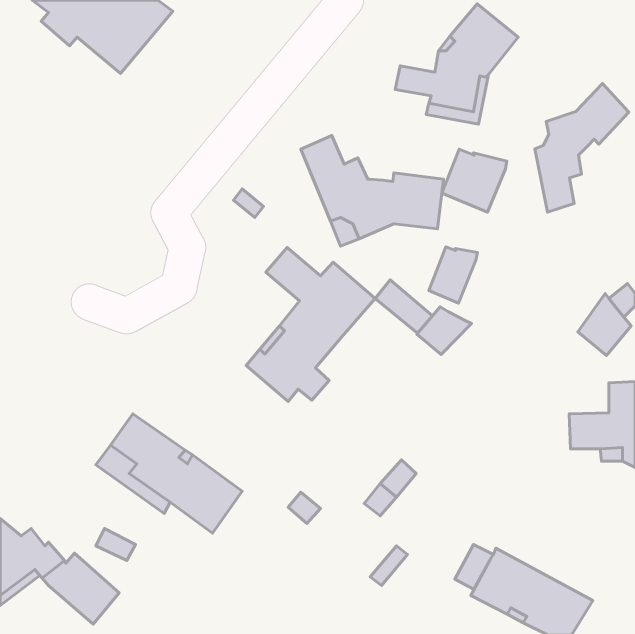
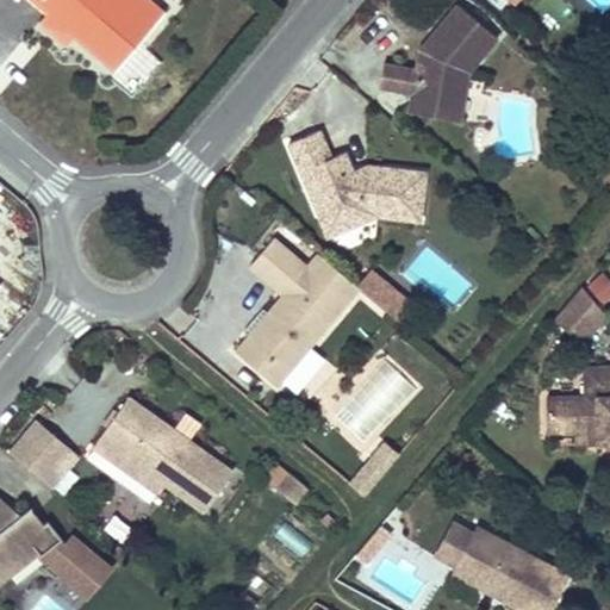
building: [535,84,629,212] -> none
building: [442,149,507,212] -> none
building: [429,247,478,303] -> none
building: [417,307,471,355] -> none
building: none -> [7,417,81,490]

